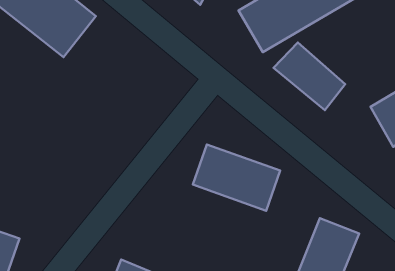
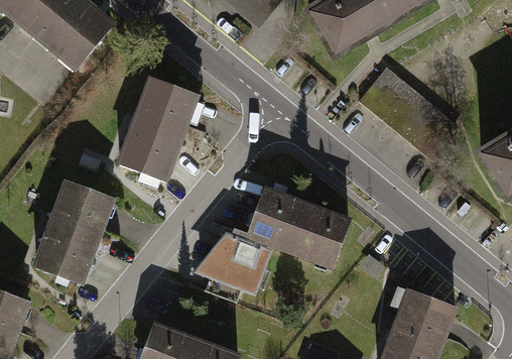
building: none -> [116,76,201,176]
building: none -> [29,180,120,290]
building: none -> [189,227,270,291]

